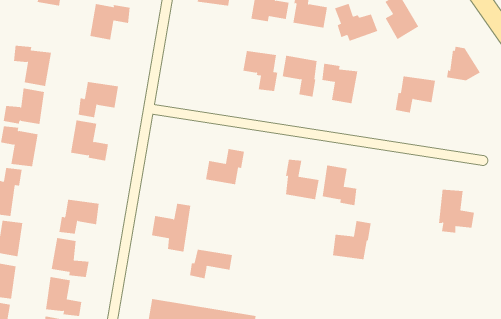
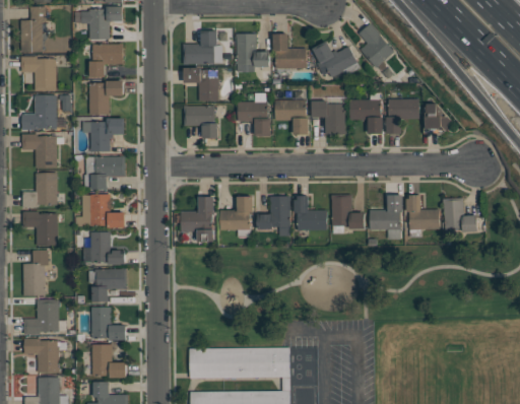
building: none -> [184,68,219,102]
building: none -> [21,95,57,130]
building: none -> [90,119,125,152]
building: none -> [184,106,218,139]
building: [446,46,481,81] -> [424,104,455,134]
building: none -> [349,99,383,135]
building: none -> [258,196,290,229]
building: none -> [83,232,125,265]
building: none -> [406,195,440,229]
building: [151,203,191,252] -> [181,197,214,242]
building: [332,220,372,260] -> [370,195,402,231]
building: [189,249,233,279] -> none

